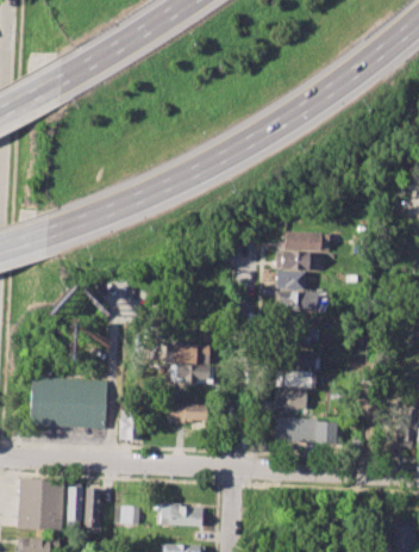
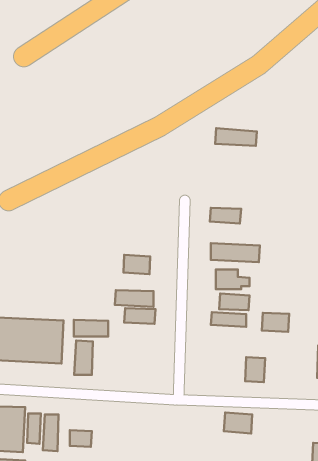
building: [281,230,329,250] -> [215,128,257,146]
building: [275,271,305,290] -> none
building: none -> [124,255,150,274]
building: [275,389,306,410] -> [262,313,289,332]
building: [167,404,206,423] -> [74,320,108,336]
building: [275,417,307,441] -> [224,413,252,433]
building: [160,503,201,526] -> none

